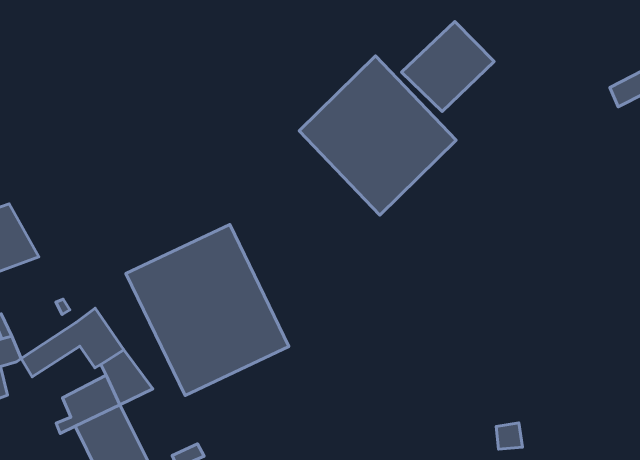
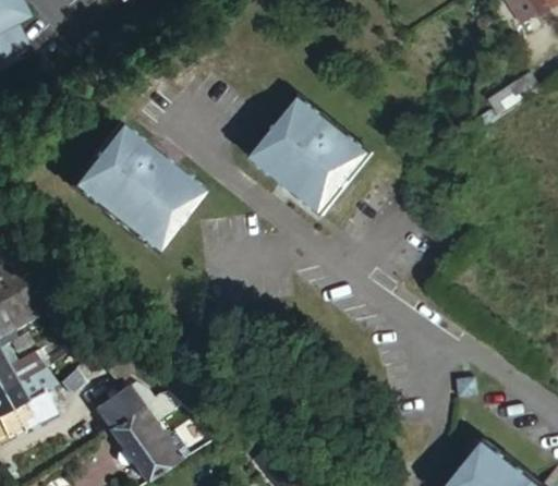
building: [401,21,494,111] -> none
building: none -> [69,124,204,258]
building: [126,225,289,395] -> none

